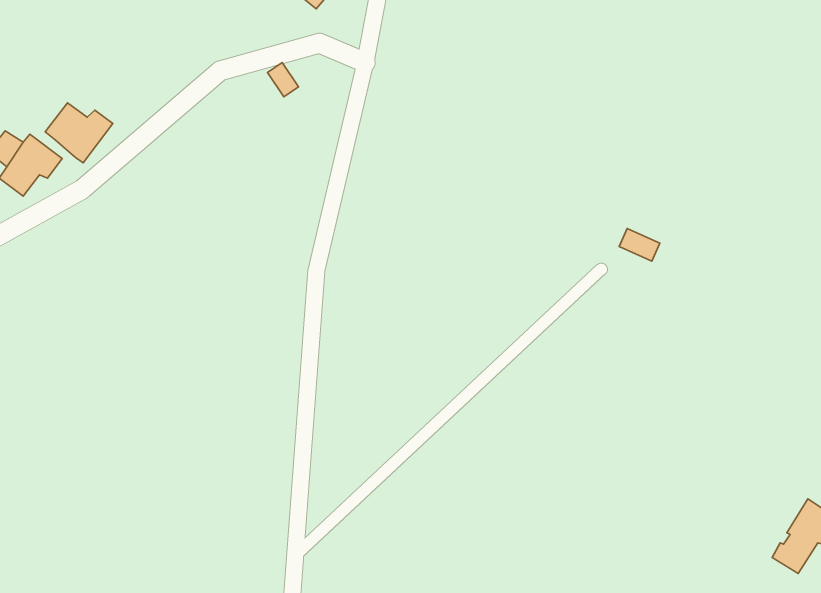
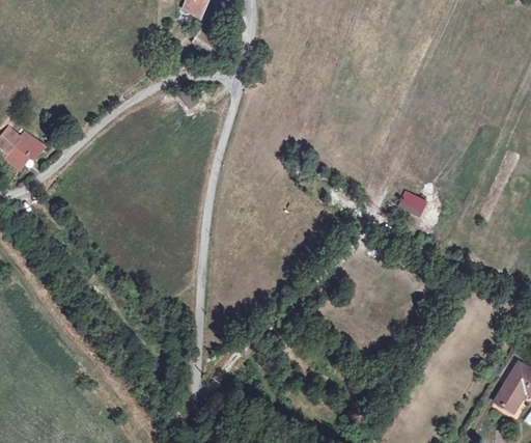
building: [45,103,113,163] -> none

